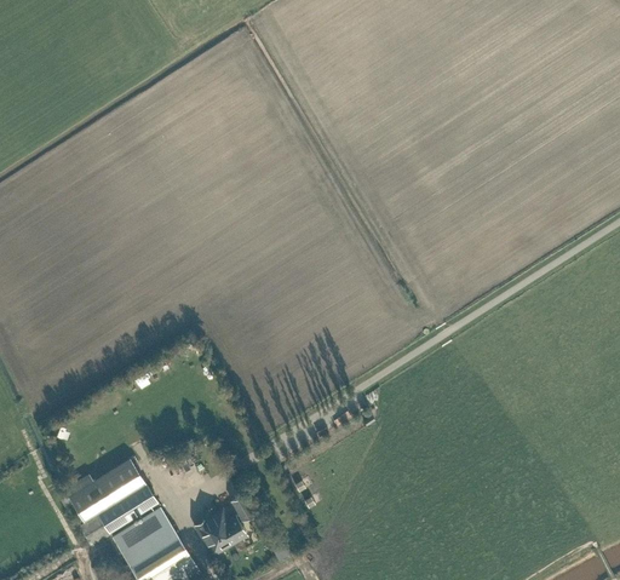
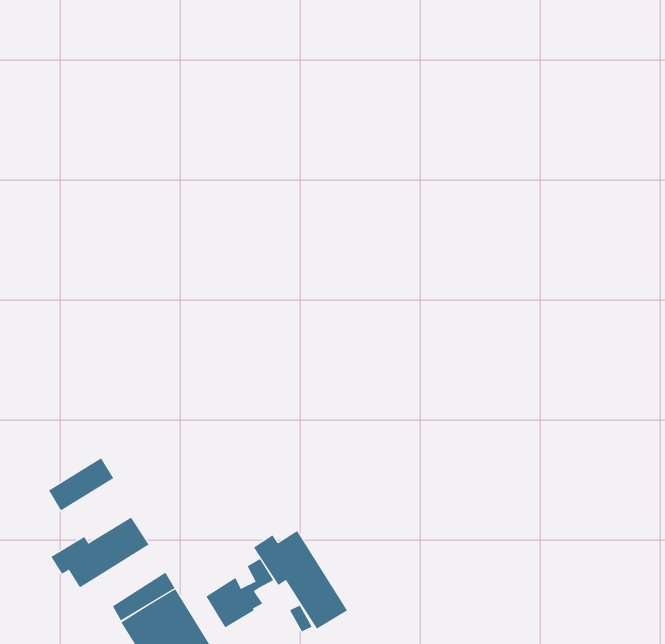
building: none -> [253,530,348,629]
building: [99,486,157,533] -> [48,458,114,511]

